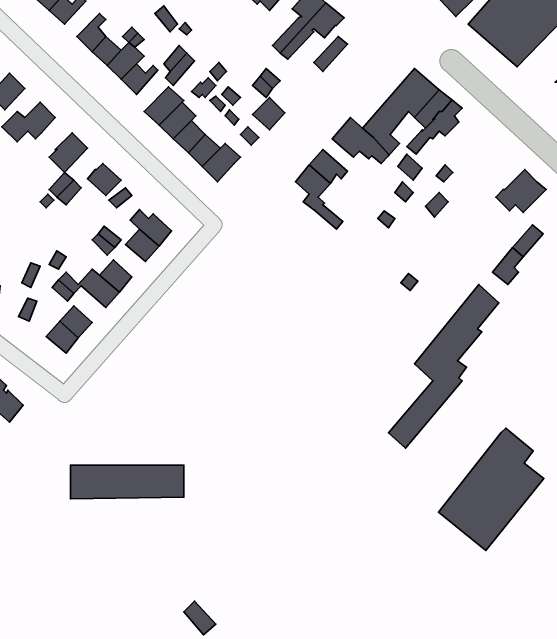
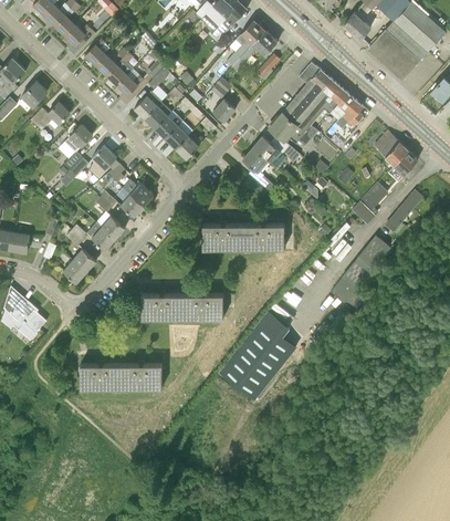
building: none -> [282,62,328,121]
building: none -> [378,135,408,165]
building: none -> [352,184,387,223]
building: none -> [201,225,283,249]
building: none -> [140,294,222,319]
building: [438,428,544,551] -> [219,311,295,399]

